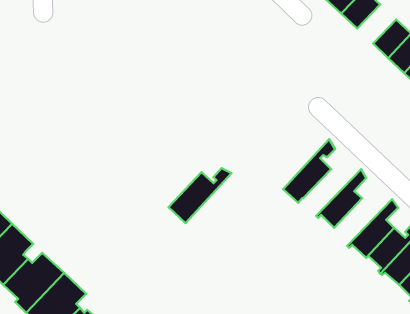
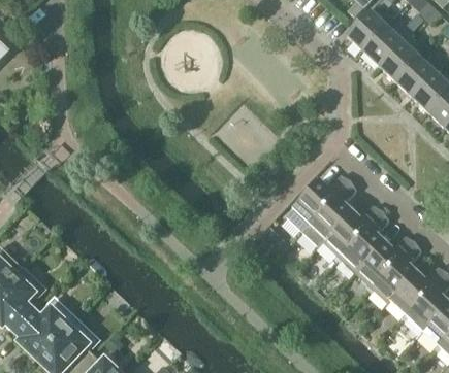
building: none -> [379,39,419,79]
building: none -> [323,204,383,258]
building: [168,168,231,223] -> [285,173,350,230]
building: none -> [355,234,415,289]

